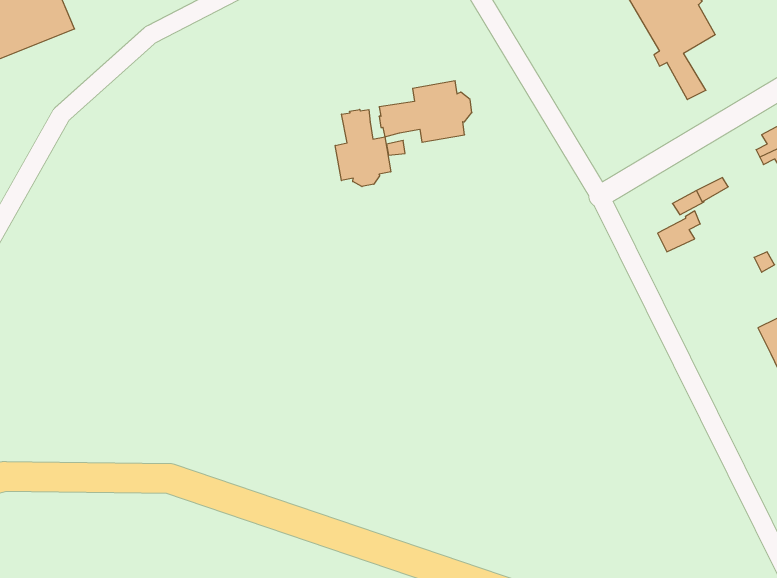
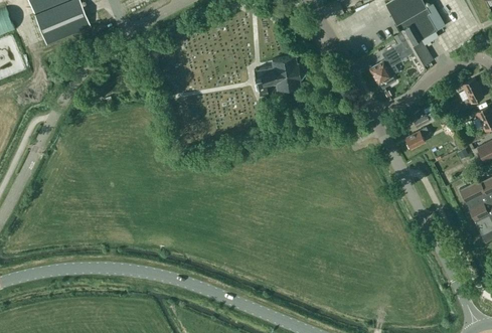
building: none -> [371,42,406,89]
building: [335,109,391,187] -> none

